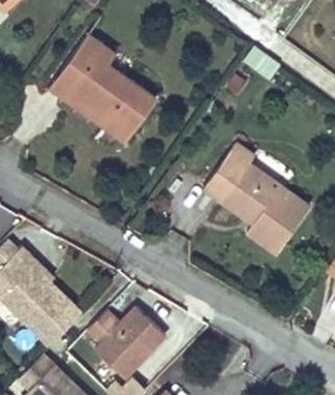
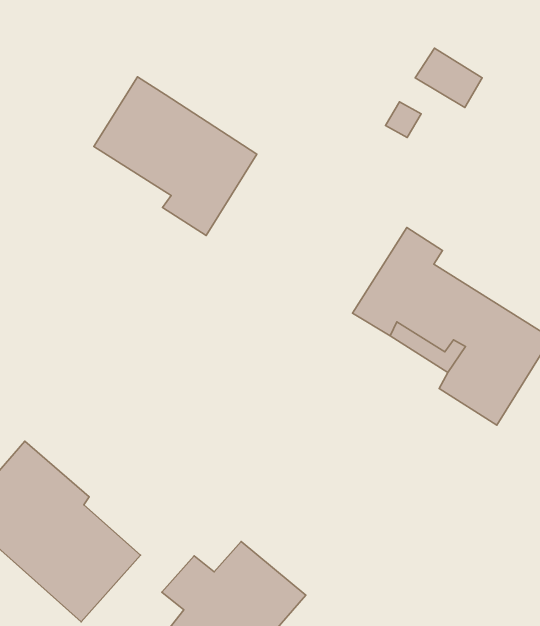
building: [50,35,114,124] -> none

